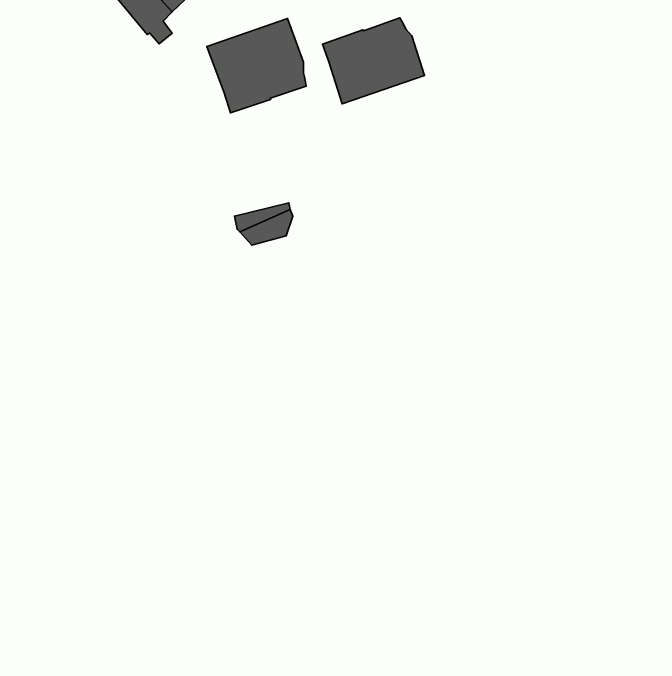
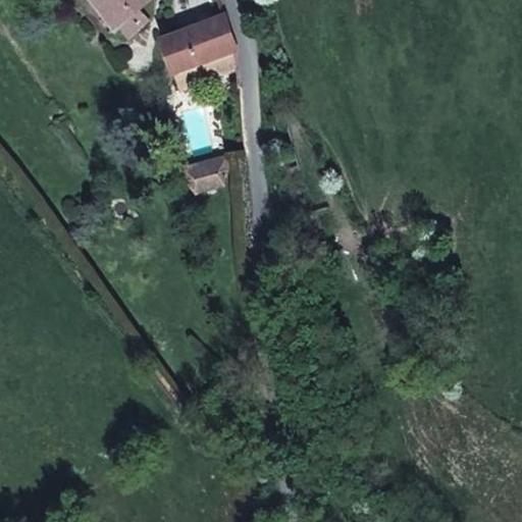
building: [323,18,424,104] -> none

